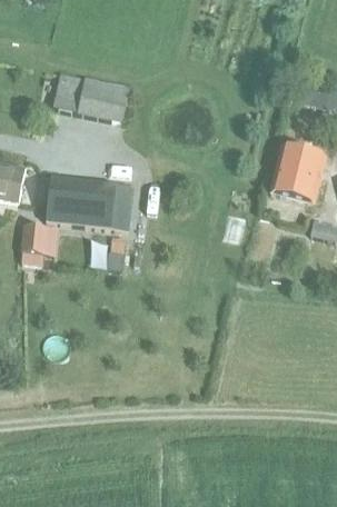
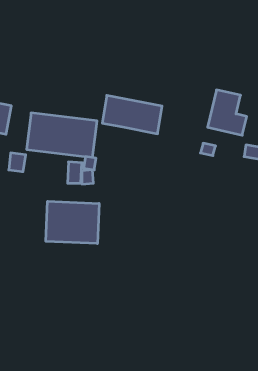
building: [54,73,129,121] -> [102,95,162,134]
building: none -> [46,201,99,244]

